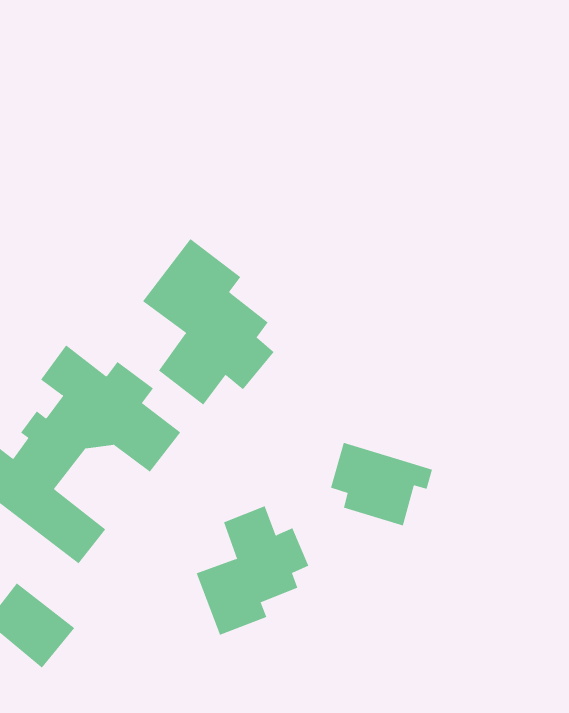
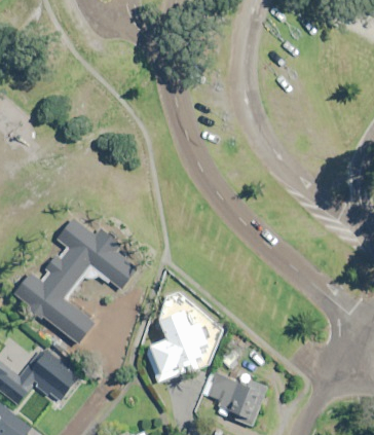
building: [142,238,275,406] -> none
building: [330,442,433,526] -> [209,370,266,418]

